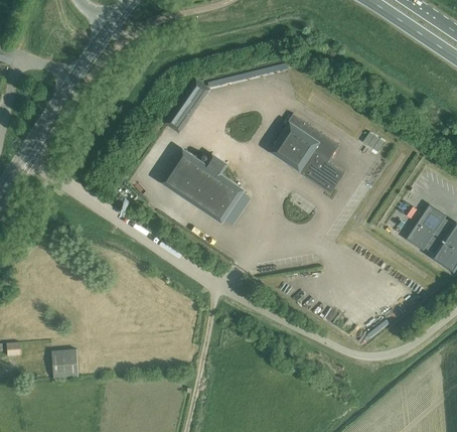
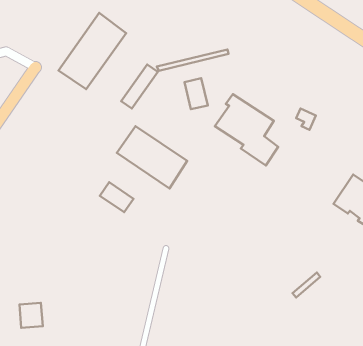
building: none -> [59,13,126,89]
building: none -> [184,78,208,109]
building: none -> [100,182,134,212]

